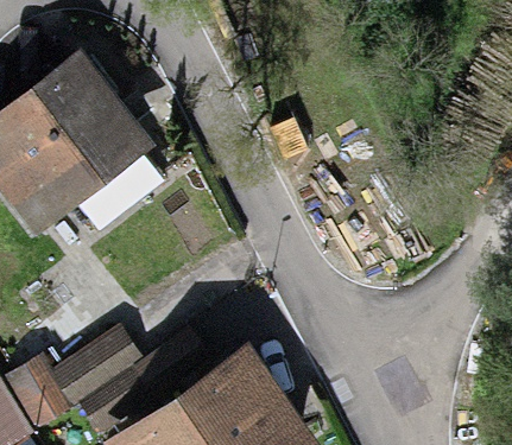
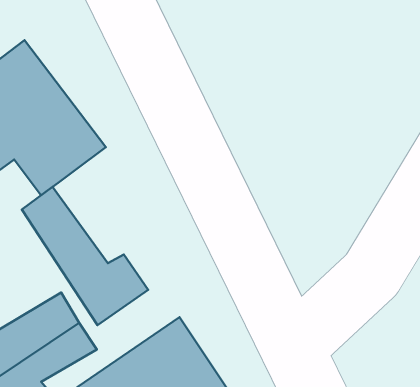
building: none -> [22,187,148,325]

